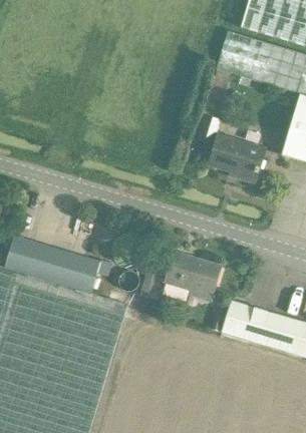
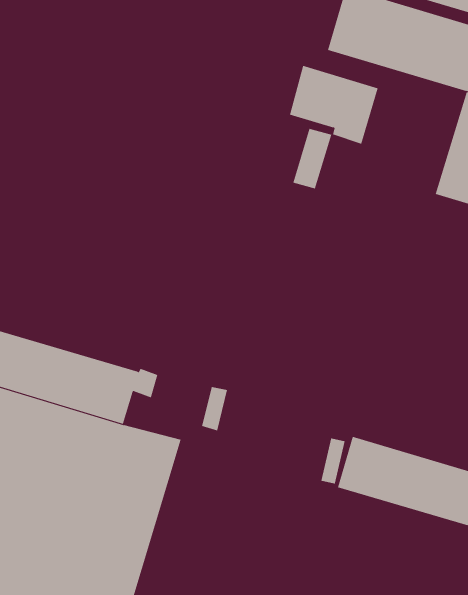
building: [211,134,265,182] -> [289,65,379,145]
building: [165,251,221,301] -> none

